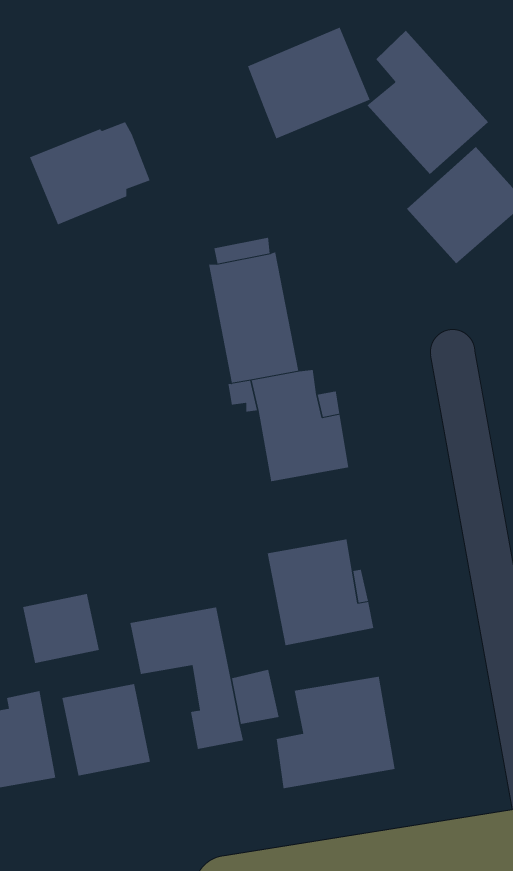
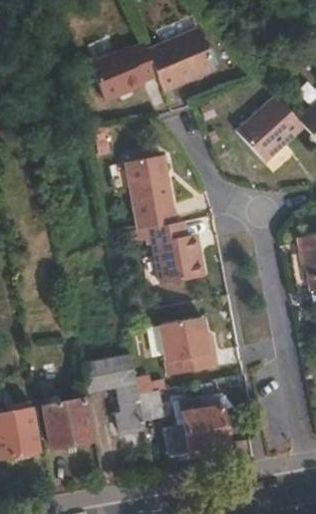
building: [366,30,489,175] -> none
building: [29,122,150,225] -> [88,43,156,101]
building: [23,593,100,664] -> none

